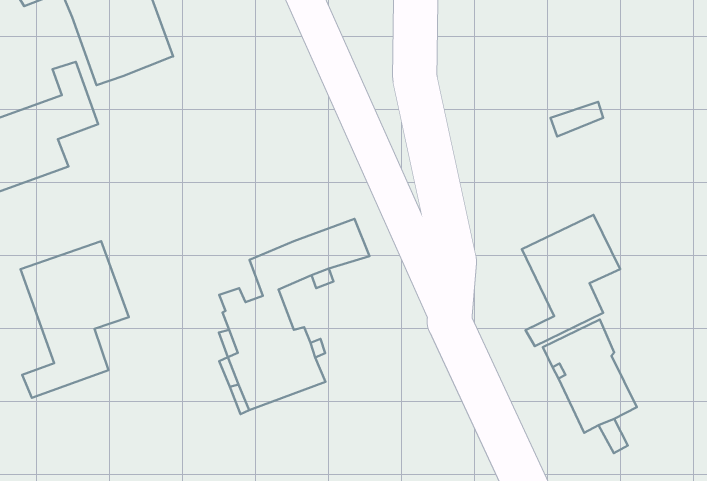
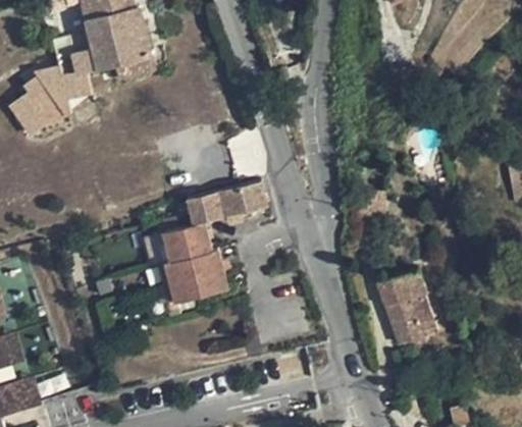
building: [522,215,620,346] -> none
building: [21,241,129,398] -> none

